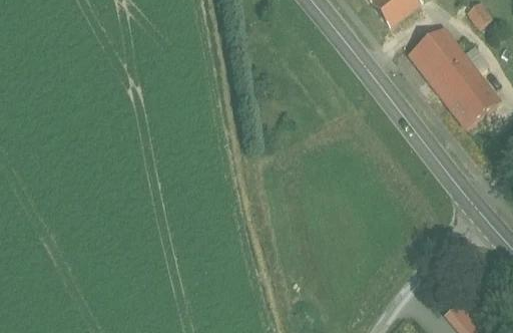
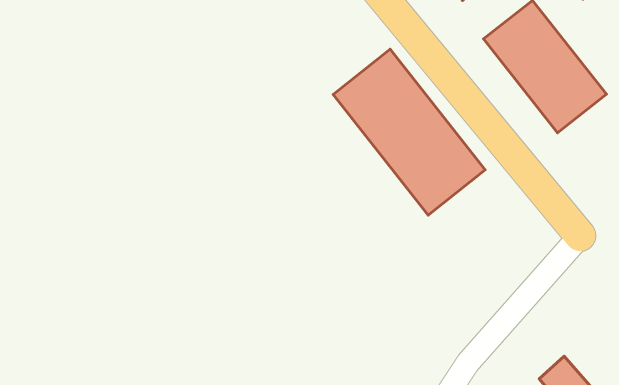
building: none -> [333,49,485,215]

